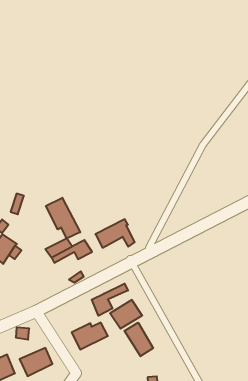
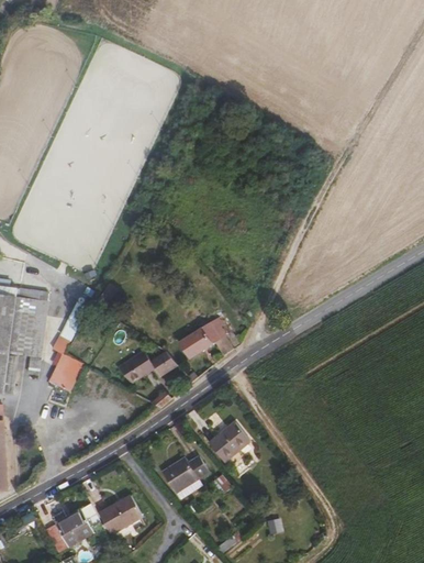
building: [46,198,80,238] -> none
building: [92,284,128,316] -> none
building: [124,323,153,356] -> none

